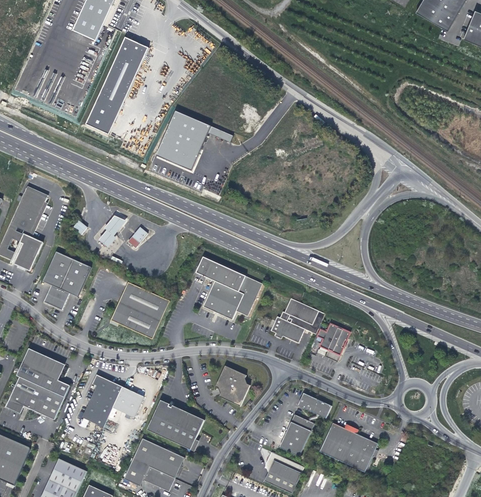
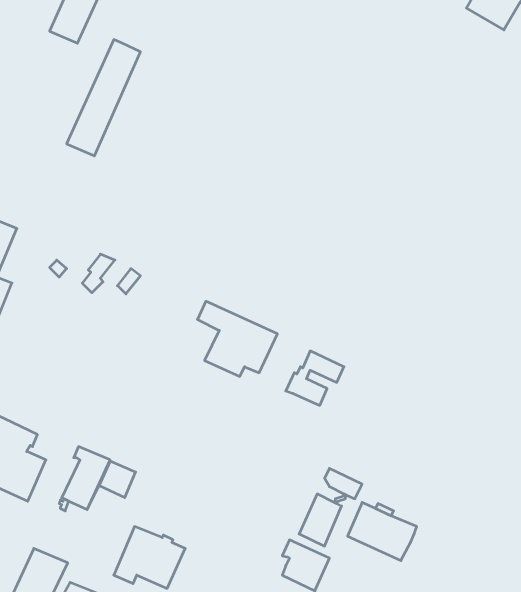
building: [155,111,232,170] -> none
building: [43,249,91,308] -> none
building: [108,280,167,337] -> none
building: [316,322,348,353] -> none
building: [213,365,248,406] -> none
building: [146,401,203,450] -> none

